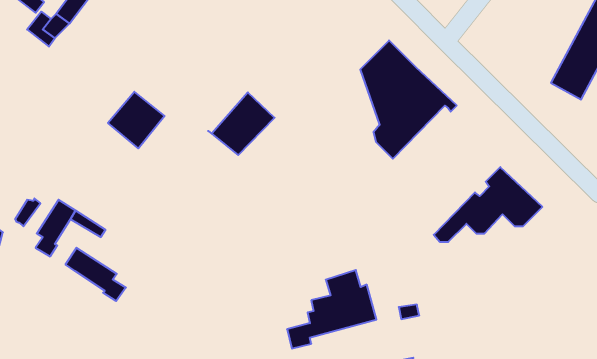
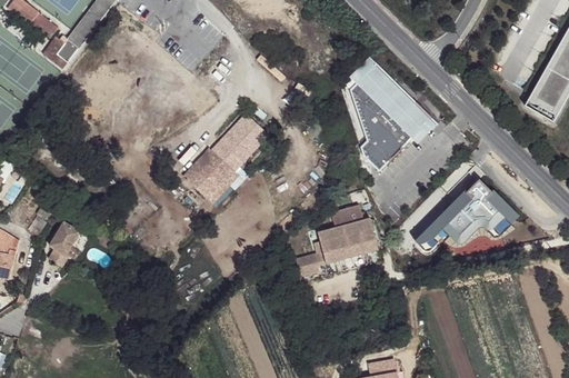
building: [108,92,165,148] -> [183,147,236,199]
building: [66,248,126,301] -> none
building: [287,270,376,349] -> [297,202,379,275]

